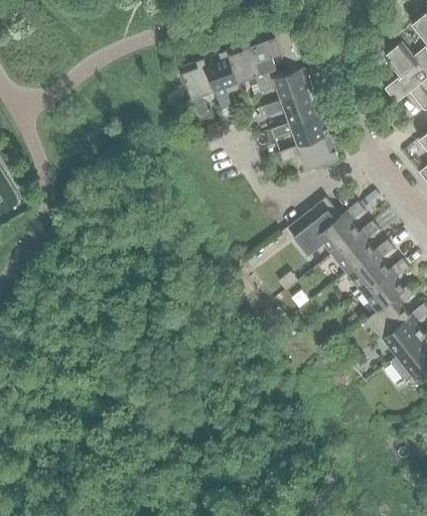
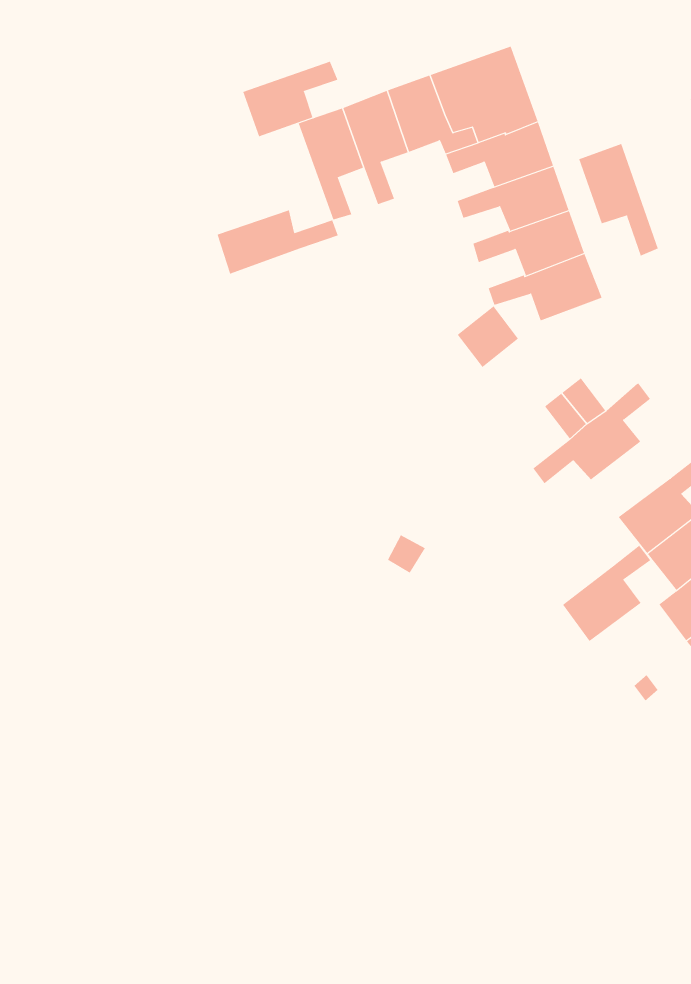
building: none -> [242,61,338,137]
building: none -> [578,143,659,256]
building: none -> [217,209,338,275]
building: [289,215,321,247] -> [457,306,519,368]
building: [332,222,379,272] -> [562,545,651,642]

